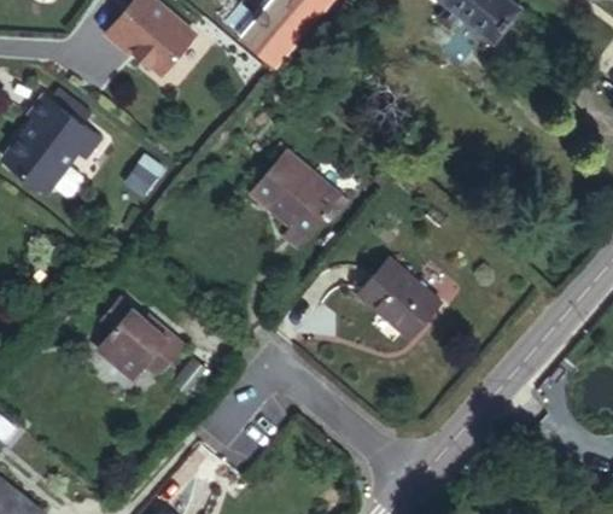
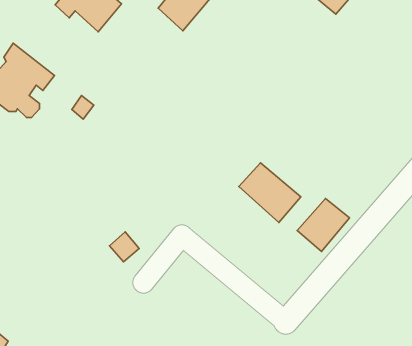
building: [252,148,340,251] -> none
building: none -> [297,198,349,252]
building: [94,308,187,380] -> none

